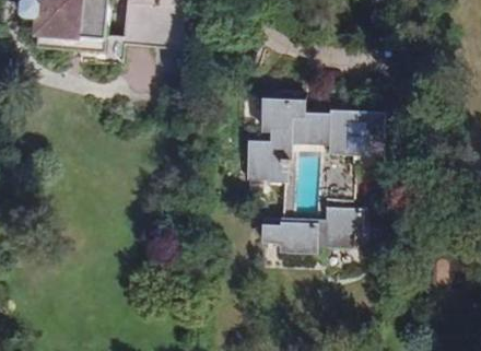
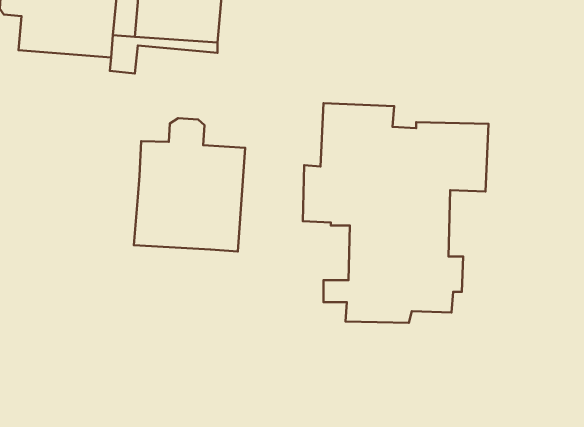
building: none -> [134,118,245,252]

